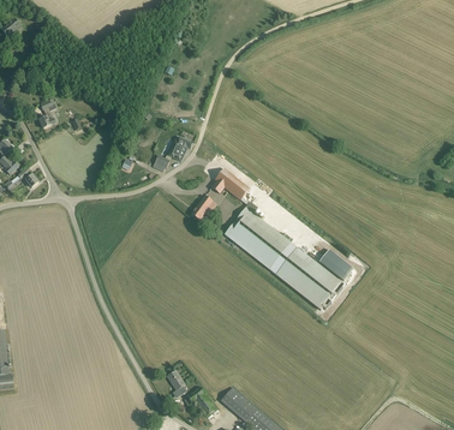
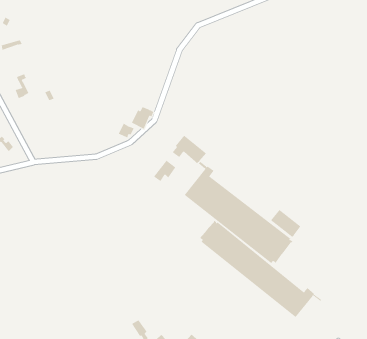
building: none -> [199,220,322,318]

